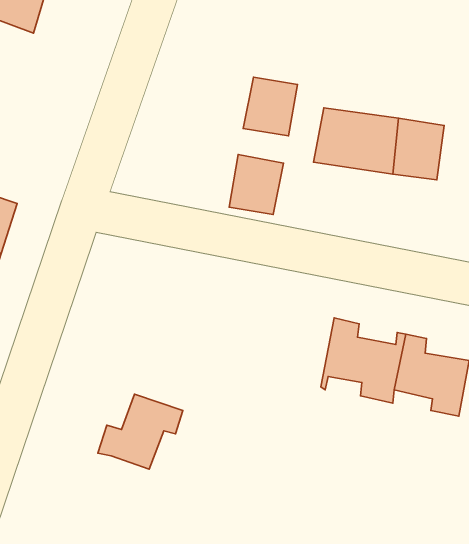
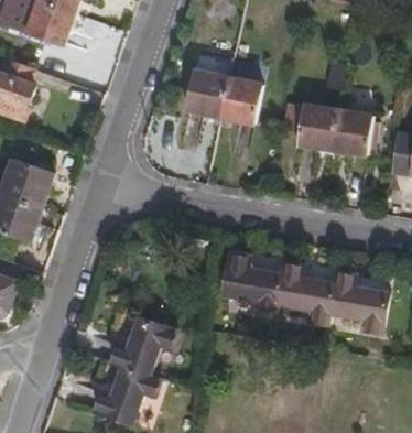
building: [229,154,283,215] -> [187,73,228,118]
building: none -> [227,250,289,312]
building: none -> [95,364,160,421]

